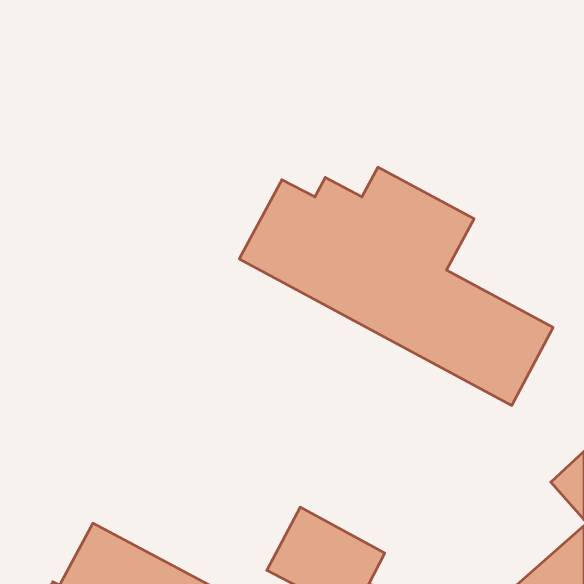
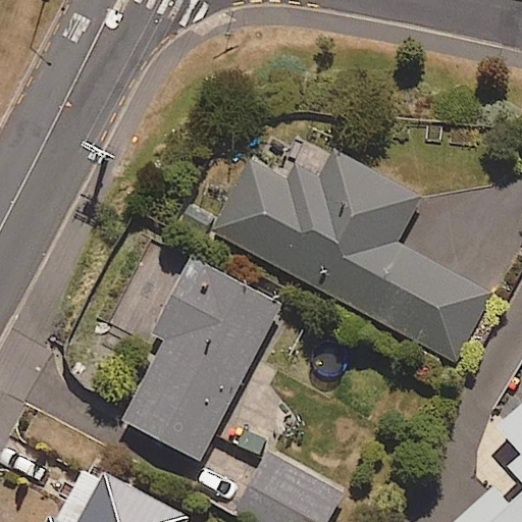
building: none -> [113,240,281,461]

